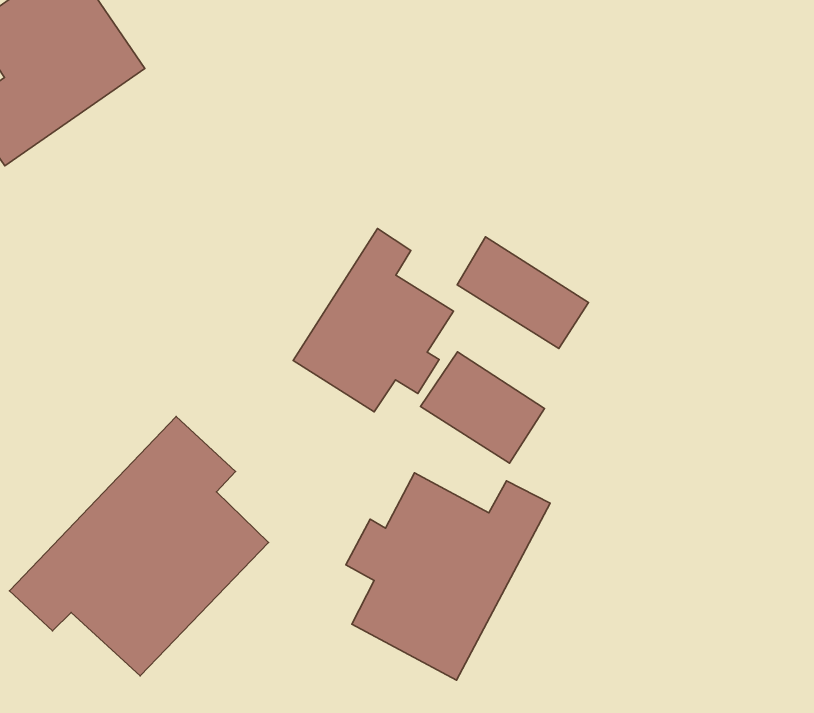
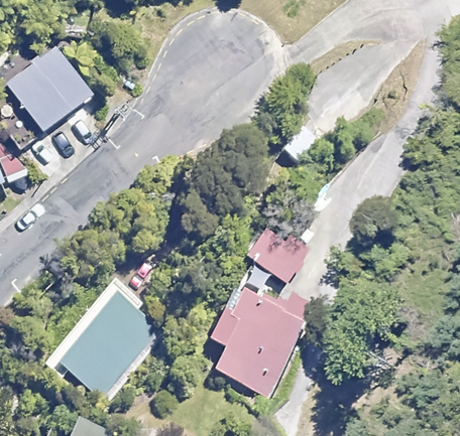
building: [293,229,453,412] -> none
building: [457,237,588,349] -> none

